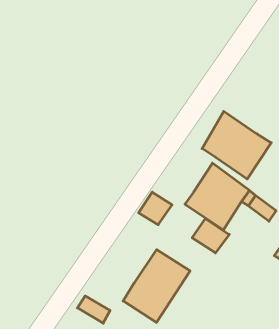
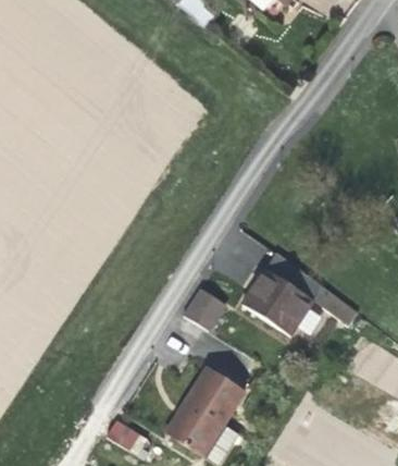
building: [202,111,271,179] -> none
building: [192,219,229,253] -> none

